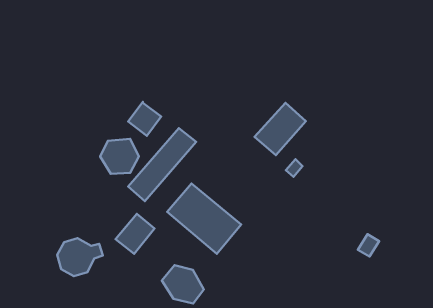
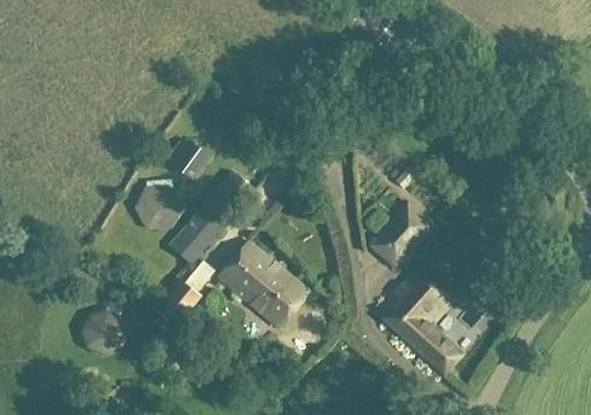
building: [254,103,306,155] -> [369,204,433,269]
building: none -> [378,265,464,375]
building: [162,265,204,303] -> none

